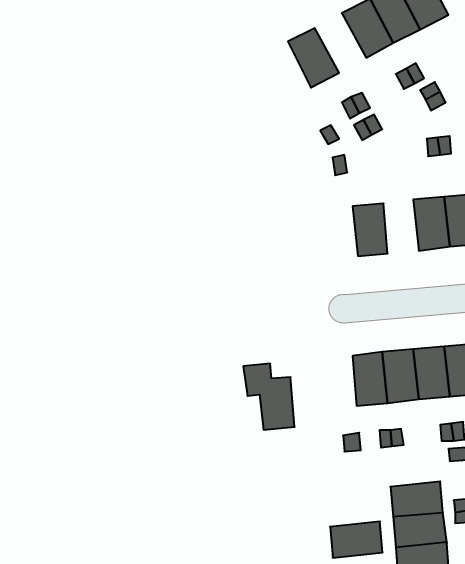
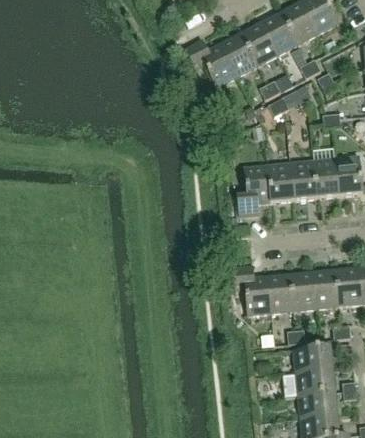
building: none -> [240,22,278,66]
building: none -> [185,40,237,87]
building: none -> [291,160,317,200]
building: none -> [237,165,272,217]
building: [243,364,295,430] -> [233,266,271,315]
building: [330,521,383,558] -> [294,346,333,373]

